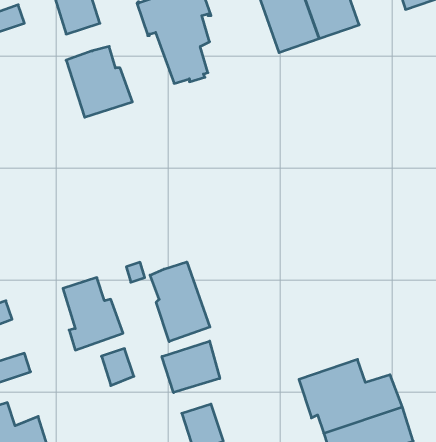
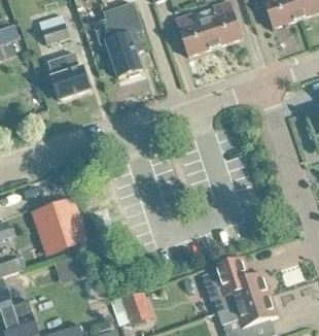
building: [150,262,210,342] -> none
building: [162,341,220,393] -> none

